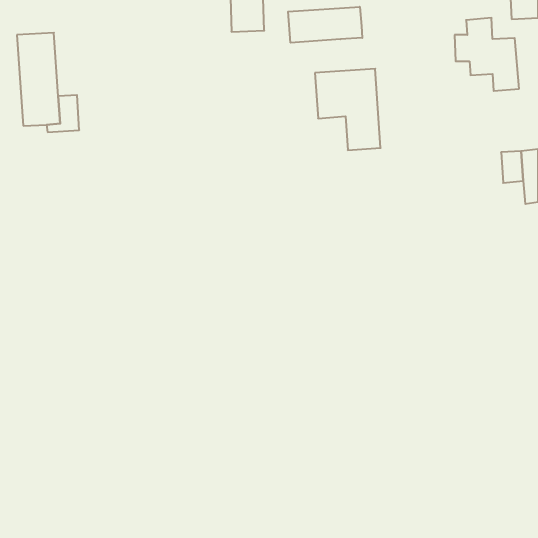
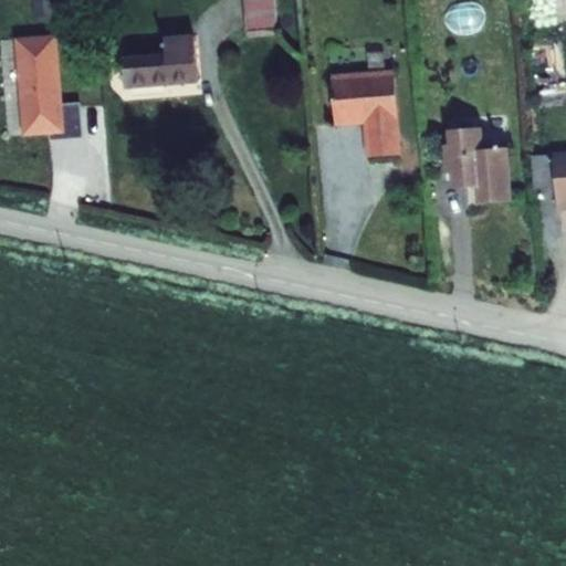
building: [288,7,362,43] -> none
building: [455,18,519,91] -> [441,128,509,205]
building: none -> [123,31,198,83]

